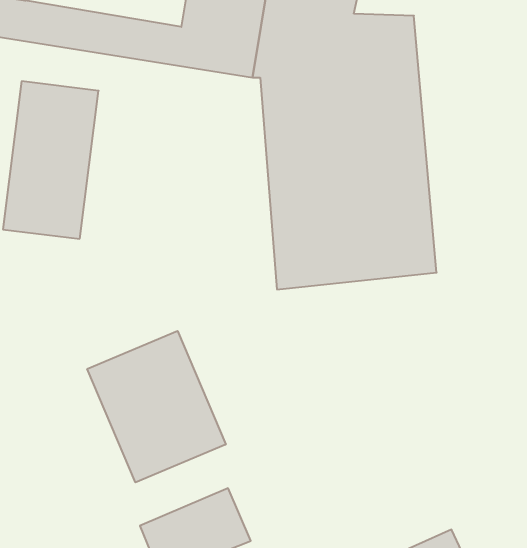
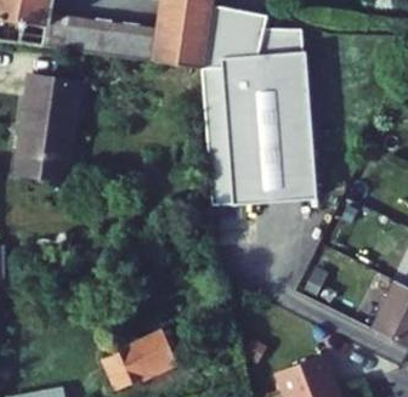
building: [87,331,226,482] -> none

